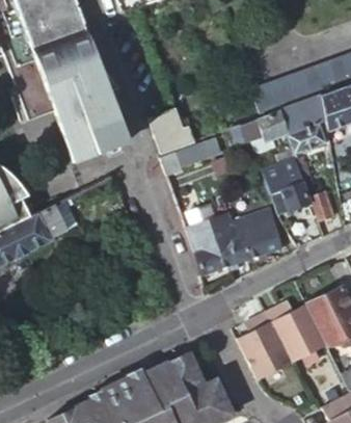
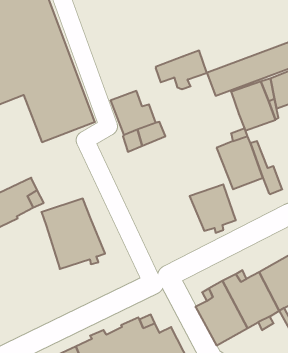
building: [230,110,285,152] -> [156,51,207,89]
building: [179,201,247,276] -> [41,199,105,269]

